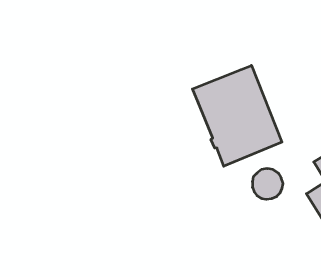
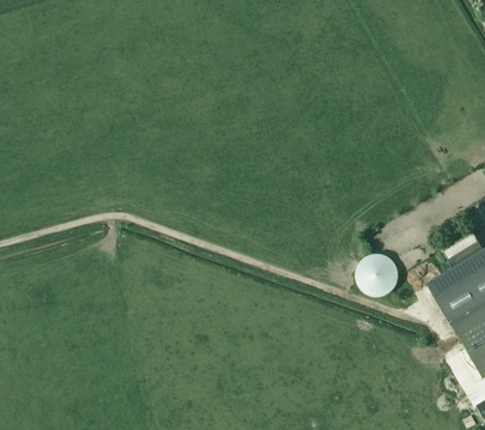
building: [192,65,282,166] -> none

